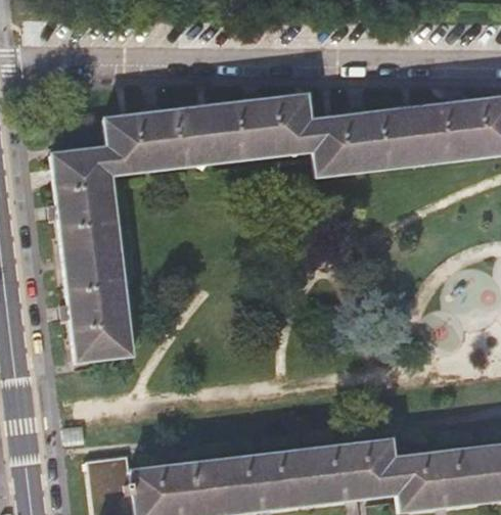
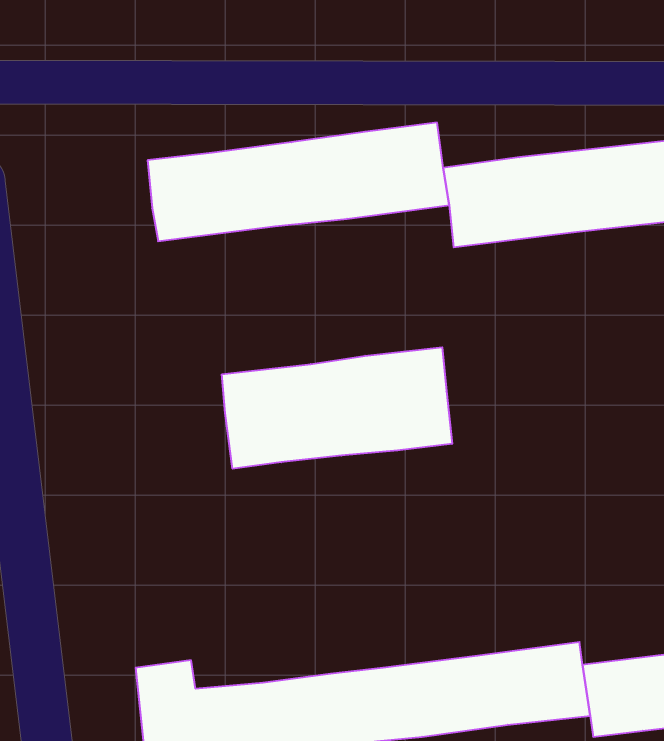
building: [53,149,132,358] -> none
building: none -> [222,347,452,469]

